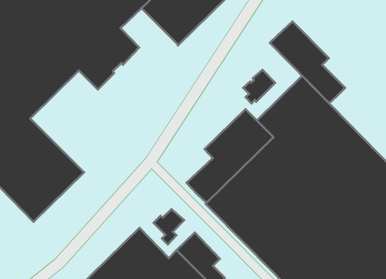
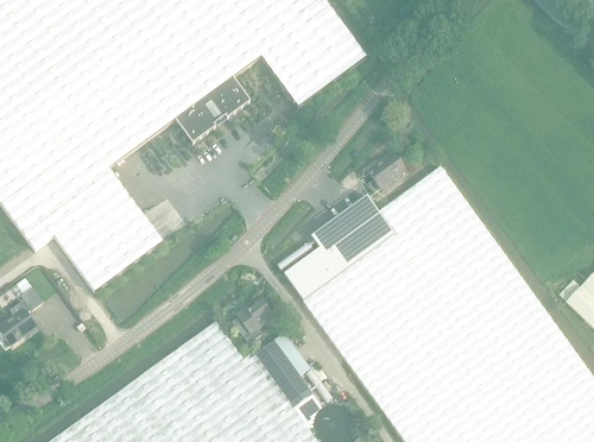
building: [270,21,345,103] -> none

